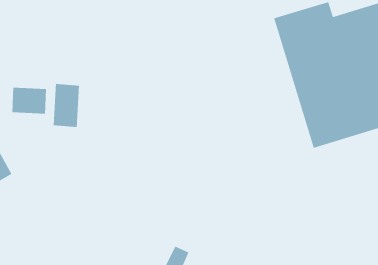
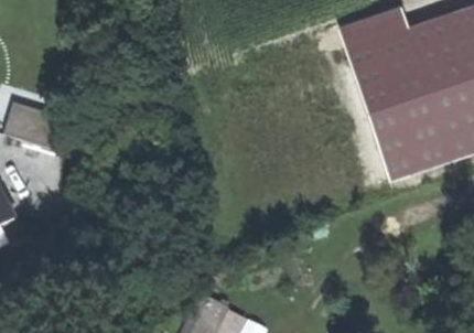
building: [53,83,80,128] -> none

